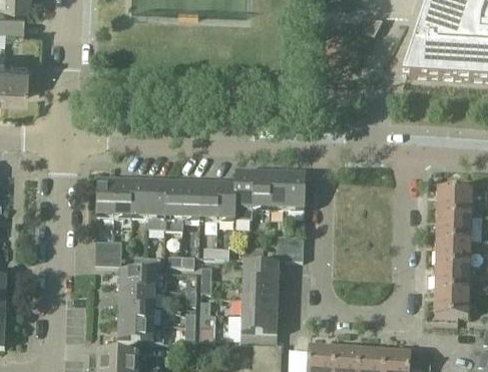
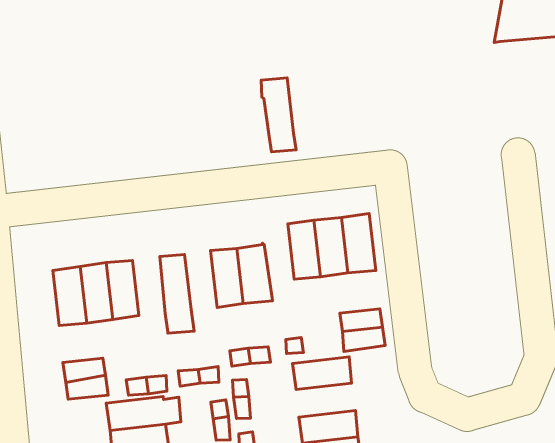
building: [234,170,253,219] -> [261,78,296,152]
building: [148,180,167,230] -> none
building: [182,181,200,219] -> none
building: [241,279,279,298] -> none

